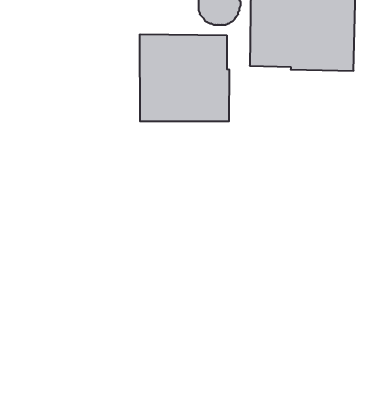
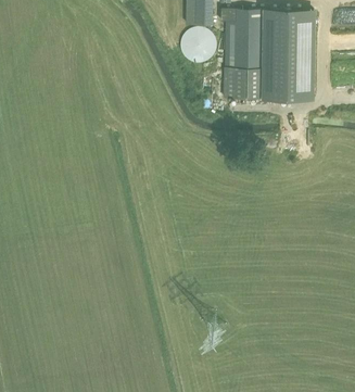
building: [140,34,229,121] -> none

